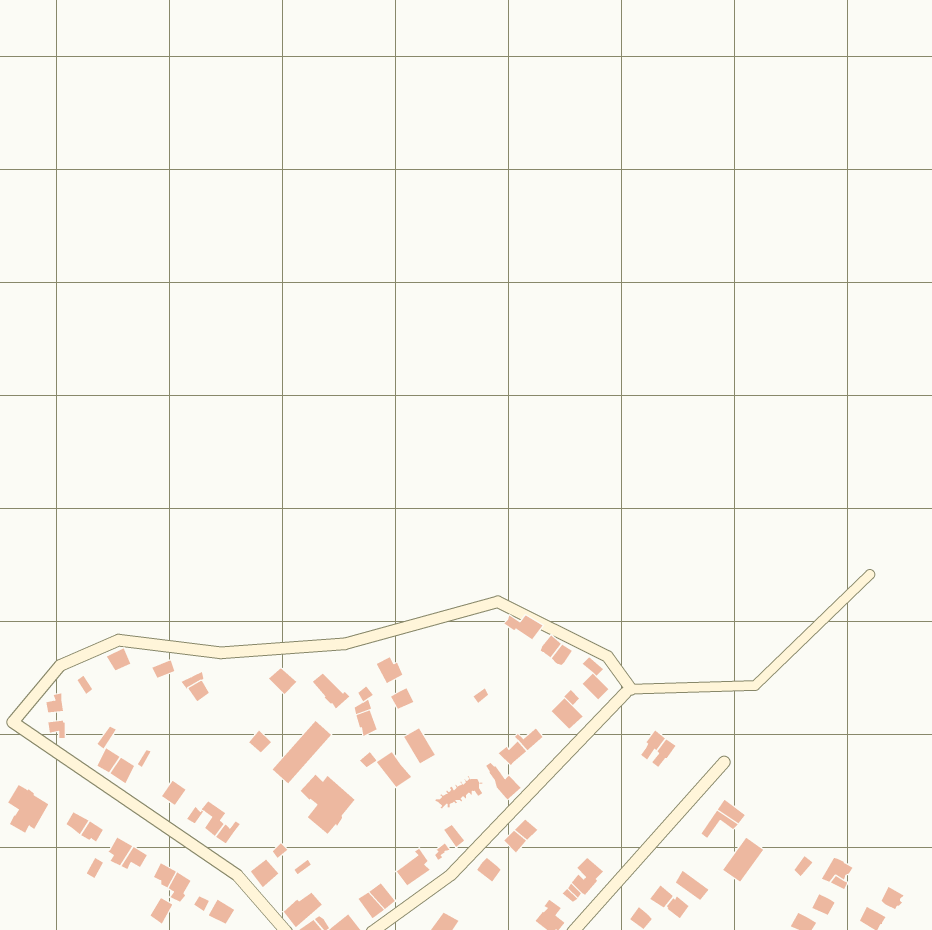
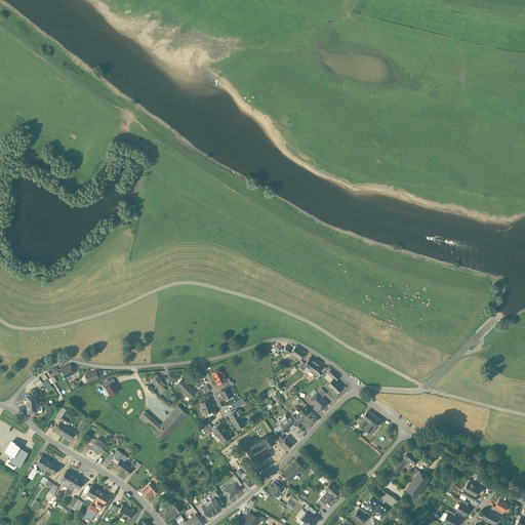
building: [300,774,355,835] -> none

